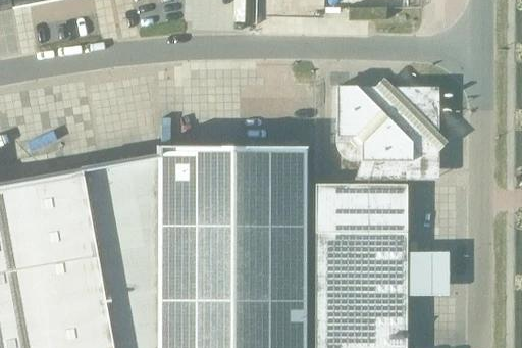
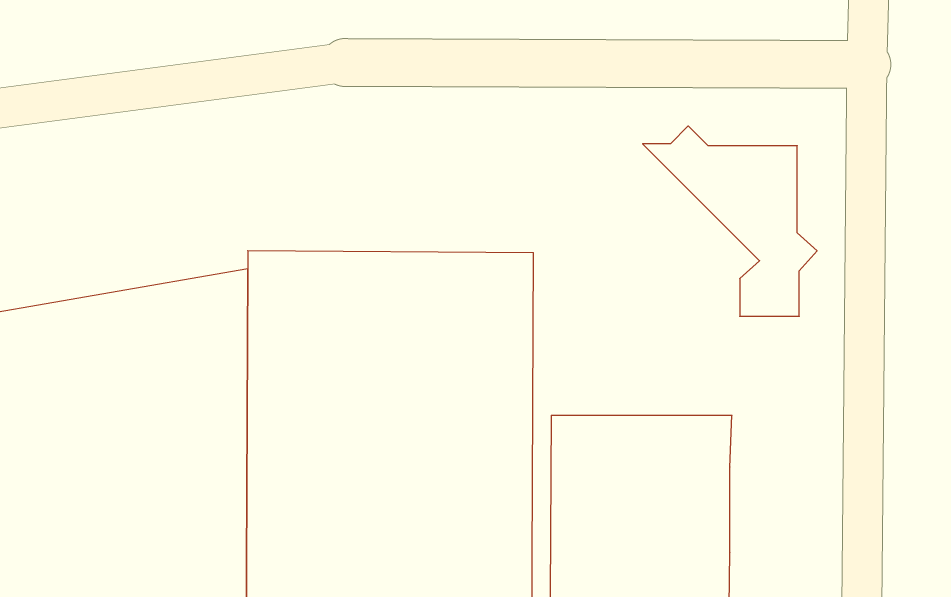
building: [314,86,421,231] -> none
building: [406,257,451,302] -> none

